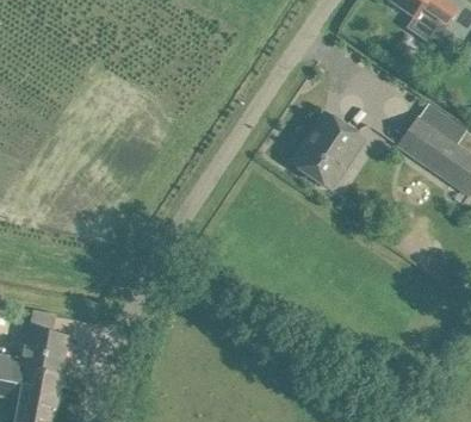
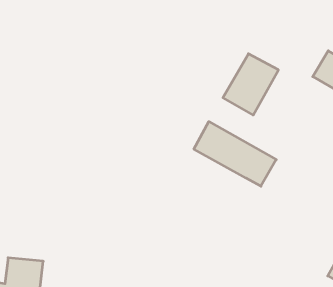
building: none -> [194,122,276,186]

